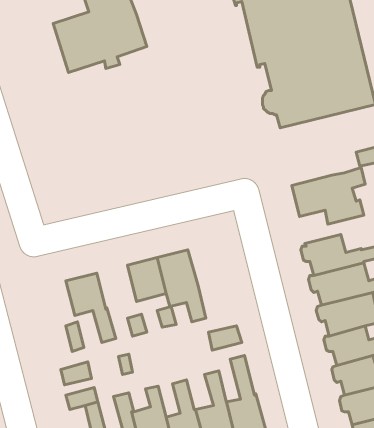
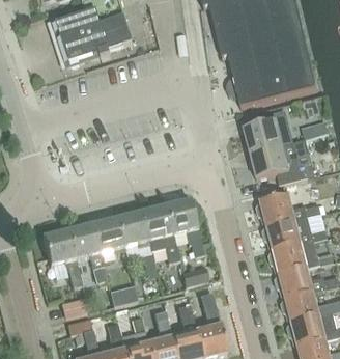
building: none -> [244,110,292,154]
building: none -> [166,199,204,256]
building: none -> [92,214,124,253]
building: none -> [42,230,75,265]

